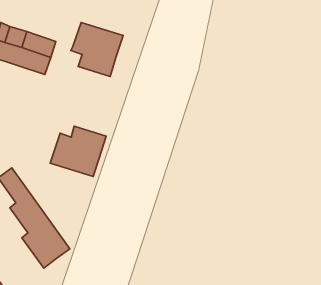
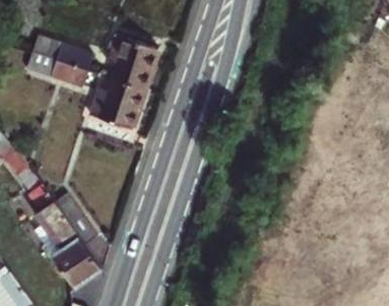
building: [50,126,106,176] -> [87,81,144,132]

